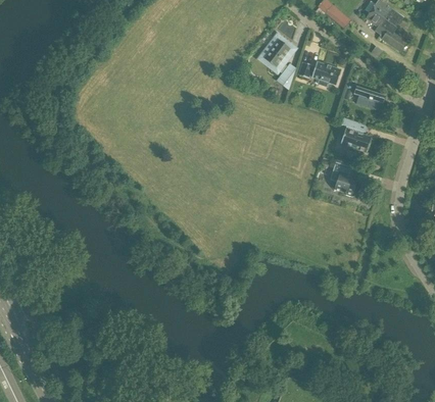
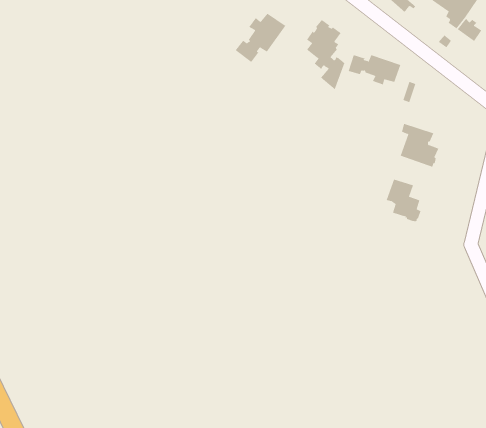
building: none -> [235,13,286,63]
building: [353,86,385,109] -> none

